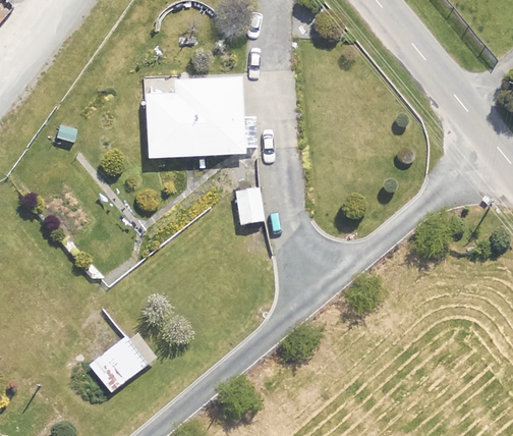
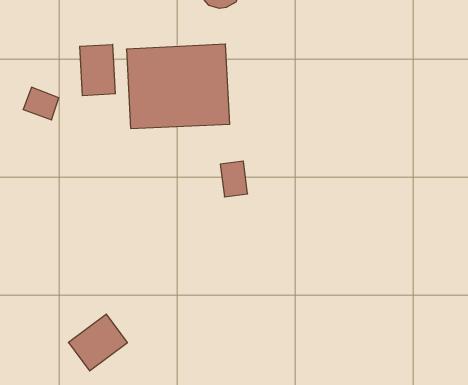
building: none -> [80,44,115,96]

